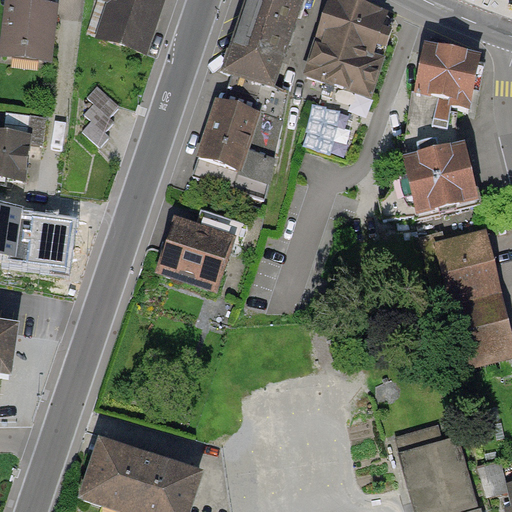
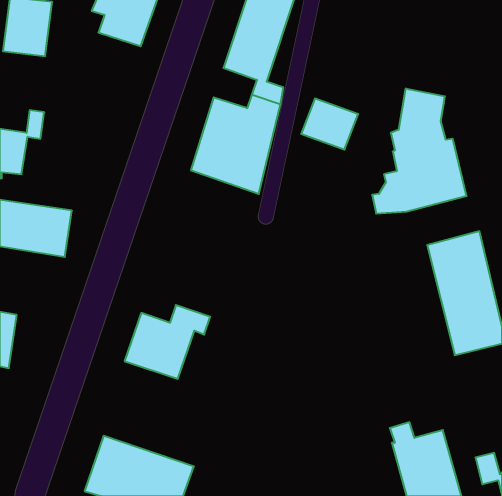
building: [308,5,395,98] -> none
building: [416,46,479,109] -> none
building: [81,81,120,143] -> none
building: [160,212,247,287] -> [125,305,210,379]

